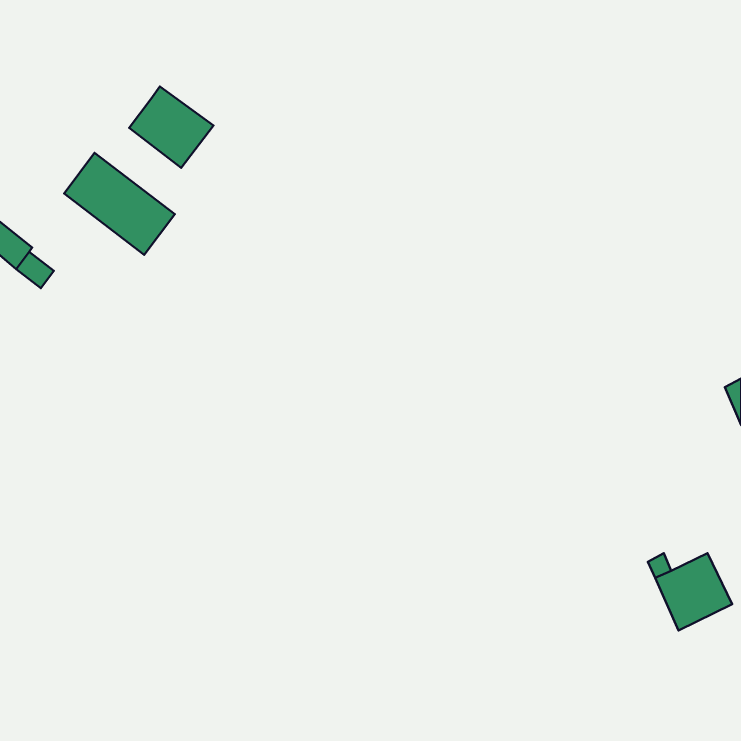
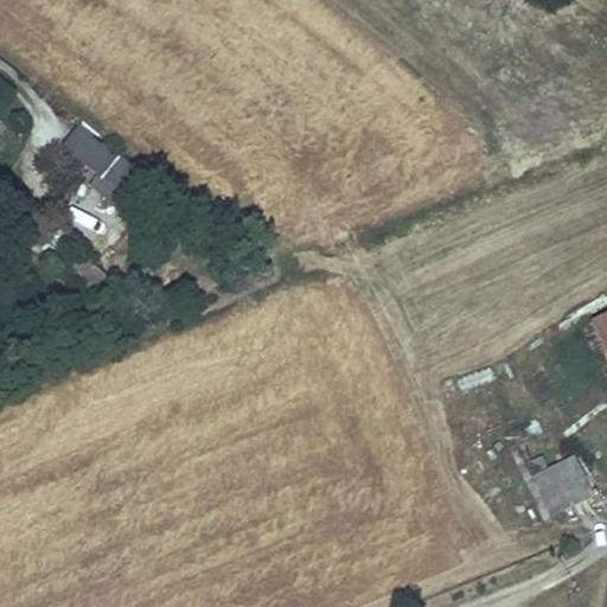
building: [129,87,214,168] -> none

